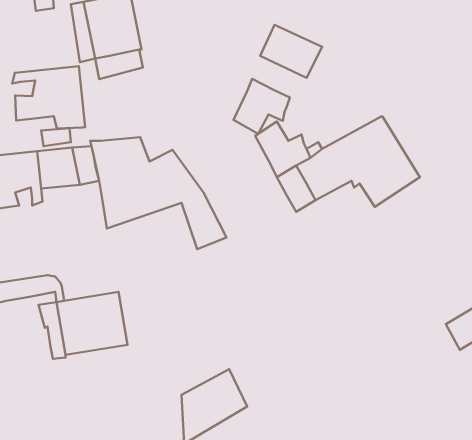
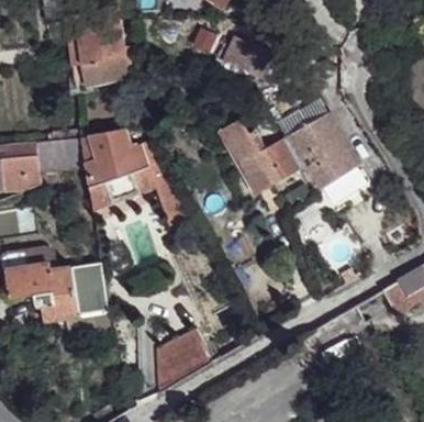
building: [12,66,85,128] -> none
building: [233,79,290,134] -> none
building: none -> [7,262,49,298]

